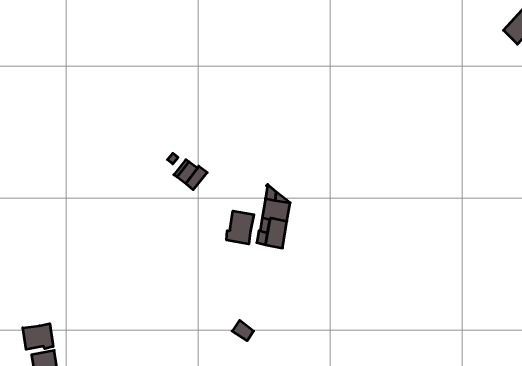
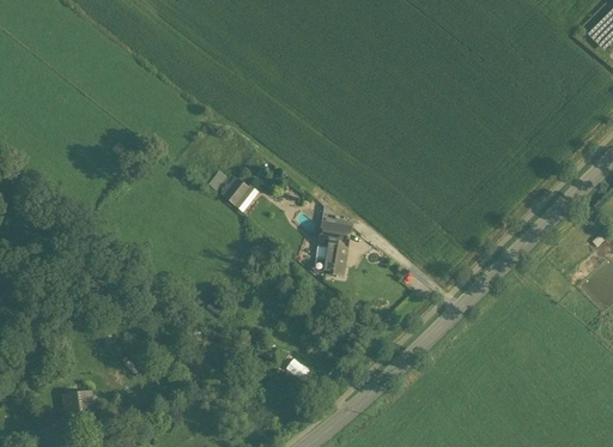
building: [227,211,254,244] -> none
building: [23,324,53,349] -> none

